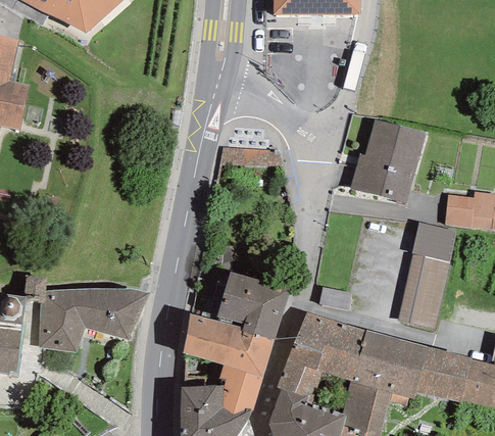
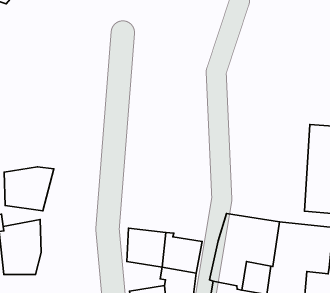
building: [349,119,425,203] -> none
building: [216,271,289,341] -> none
building: [85,288,147,340] -> [4,167,54,211]

